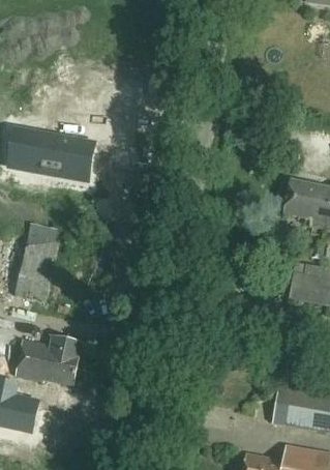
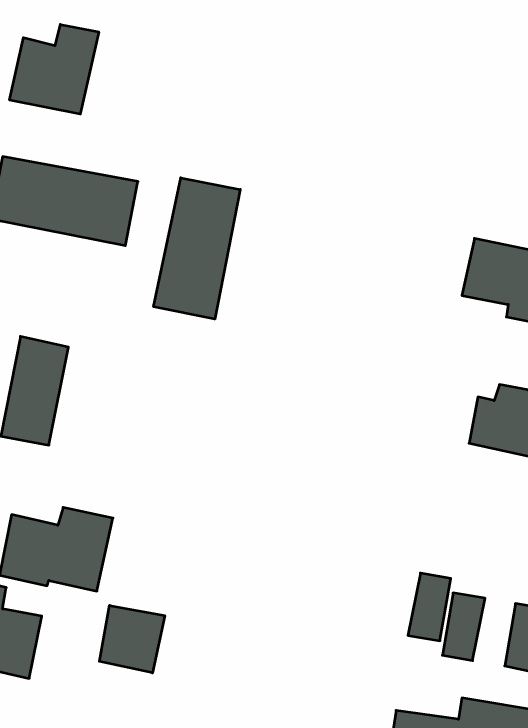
building: none -> [10,24,99,114]
building: none -> [154,178,240,319]
building: [291,388,316,428] -> [408,573,451,641]
building: none -> [99,605,165,673]

